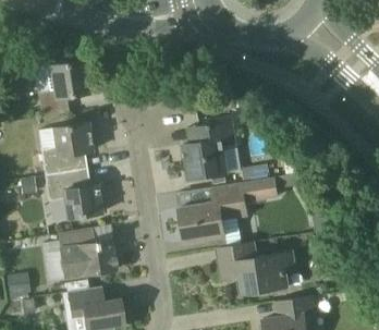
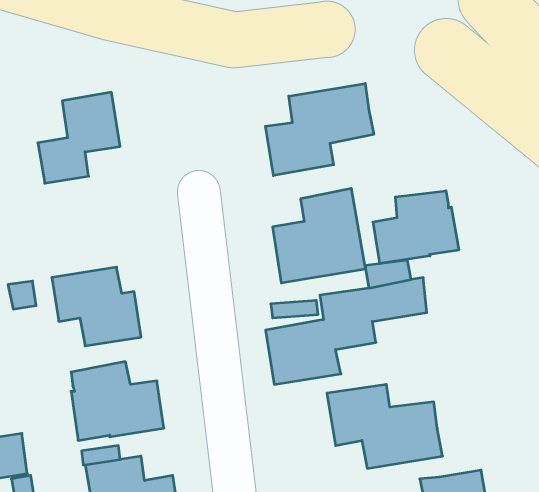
building: none -> [265,83,374,176]
building: none -> [373,191,459,264]
building: [40,124,93,176] -> none

